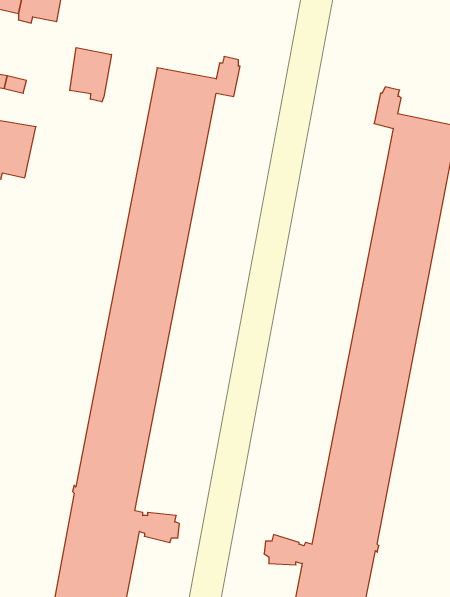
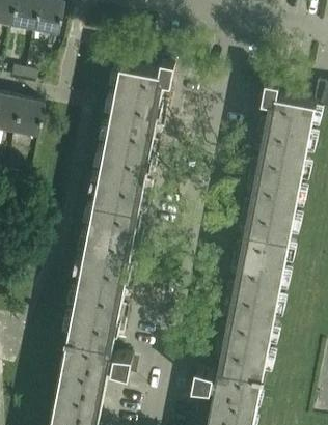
building: [70,48,111,102] -> none

